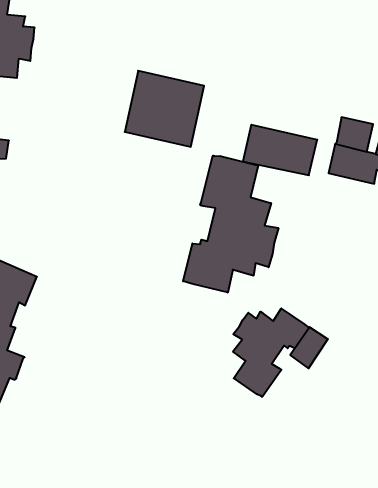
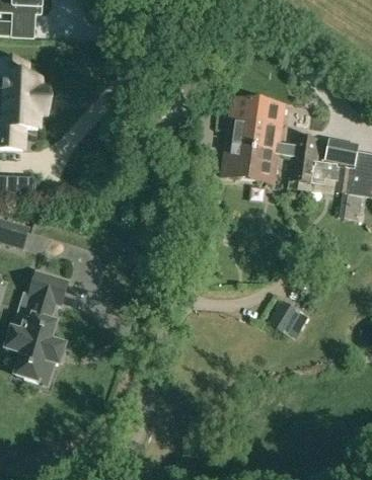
building: [125,71,204,147] -> [226,98,285,154]
building: [183,156,278,293] -> none
building: [233,308,309,397] -> none

